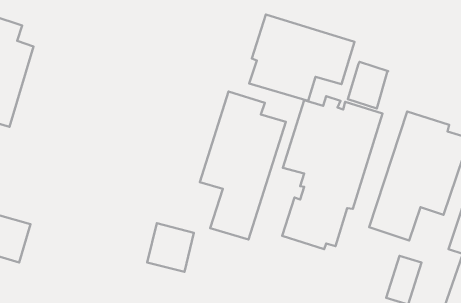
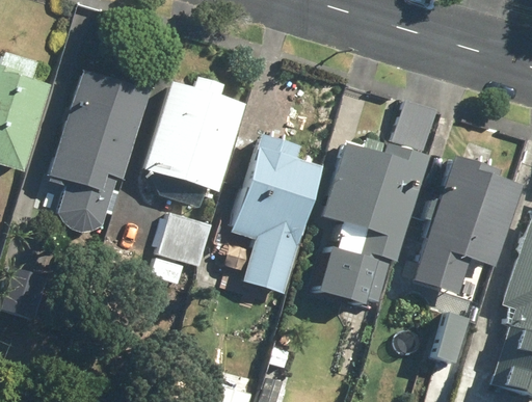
building: [249,14,354,101] -> none
building: none -> [47,68,151,233]
building: none -> [143,76,246,209]
building: [147,223,194,272] -> [158,213,209,266]

